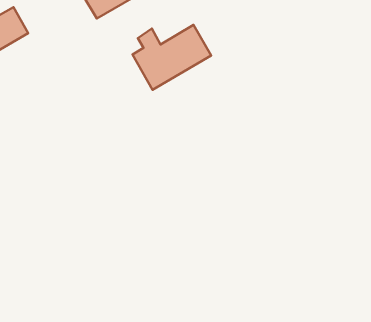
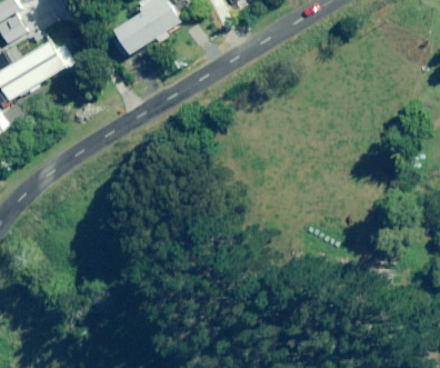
building: [132,25,211,90] -> none

